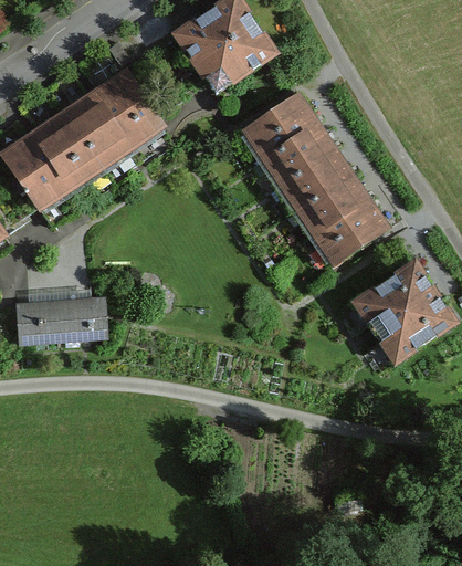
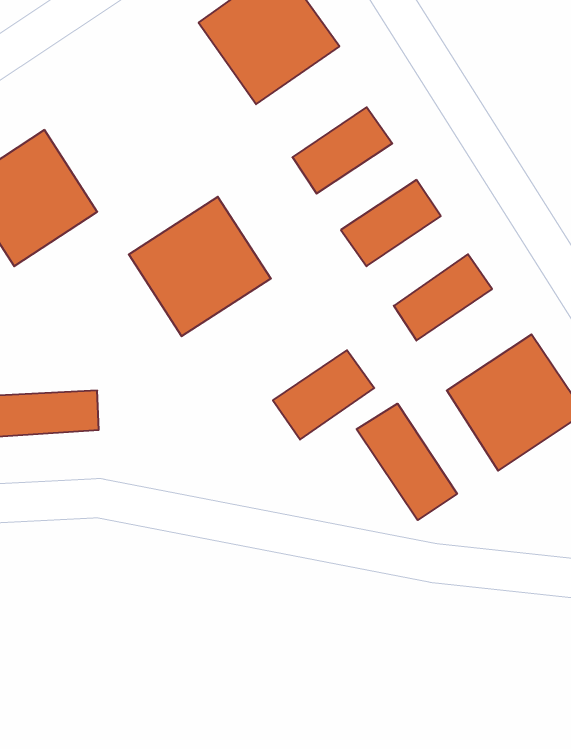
building: [61,70,165,171] -> [129,197,271,336]
building: [260,122,333,185] -> none
building: [296,175,370,240] -> [273,350,374,440]
building: none -> [357,404,457,520]

